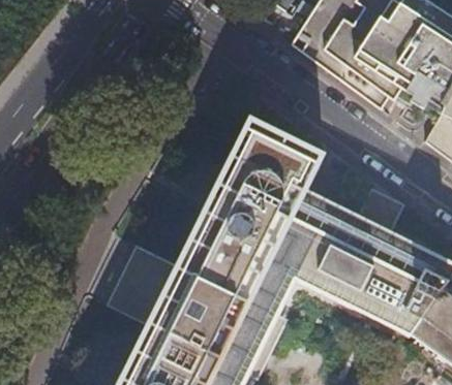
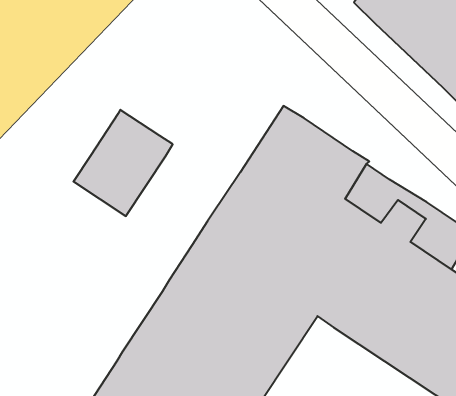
building: [113,248,183,326] -> [73,110,173,216]

